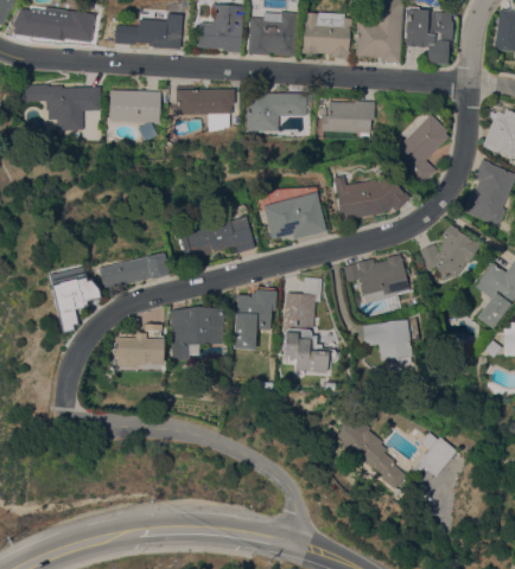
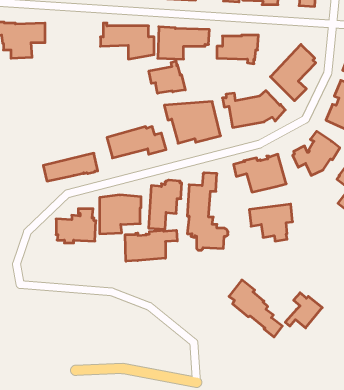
building: [109,89,159,122] -> none
building: none -> [149,61,185,93]
building: [50,266,102,333] -> none
building: none -> [125,230,177,261]

